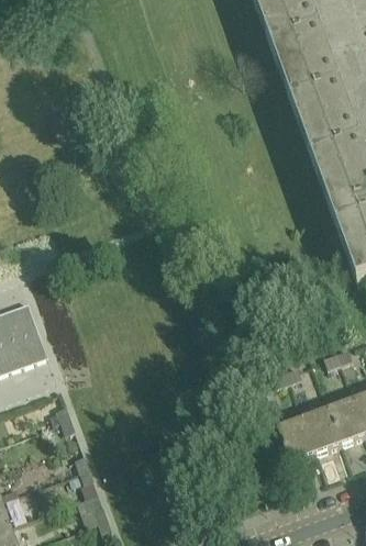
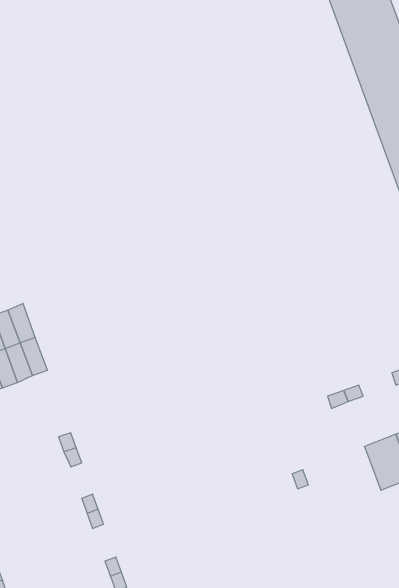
building: [278,415,317,459] -> none

